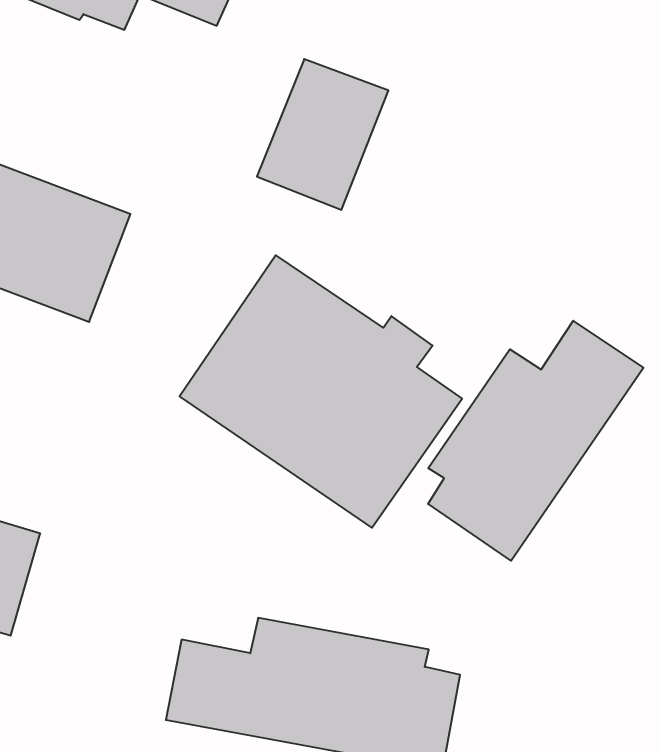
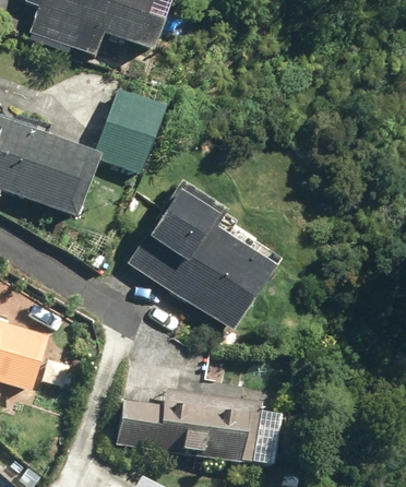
building: [257,59,388,210] -> [93,87,166,171]
building: [428,321,643,561] -> none

